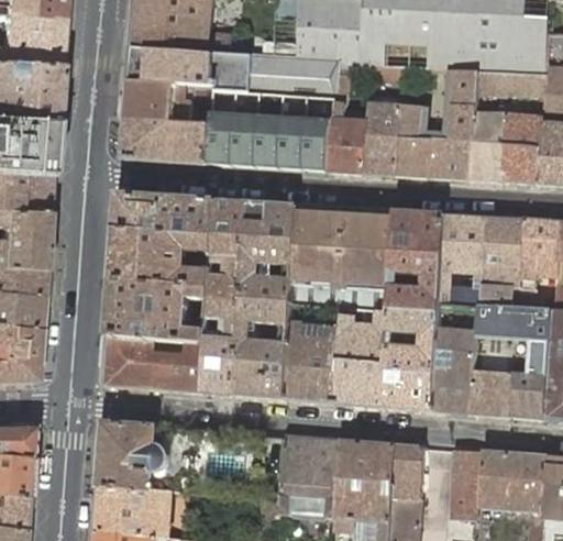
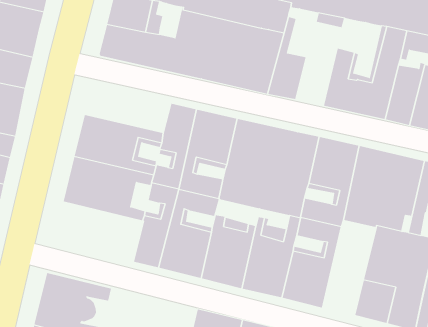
building: [364,101,402,175] -> none
building: [120,195,219,236] -> none
building: [434,305,482,413] -> none
building: [108,335,209,393] -> none

